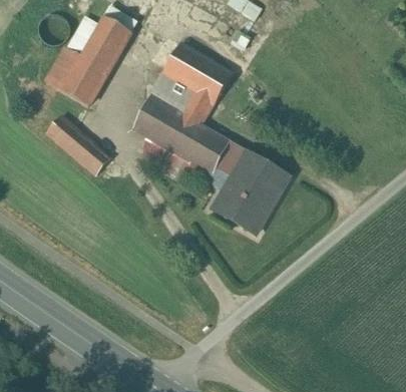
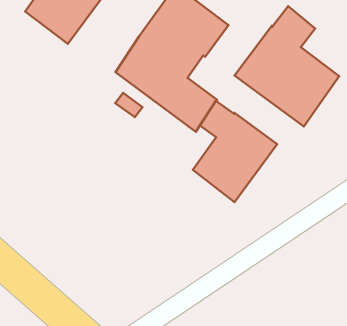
building: none -> [235,6,339,126]
building: [48,114,110,173] -> none

